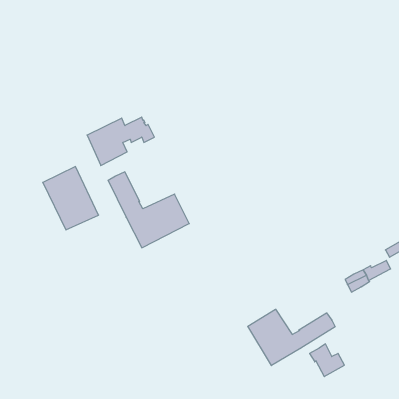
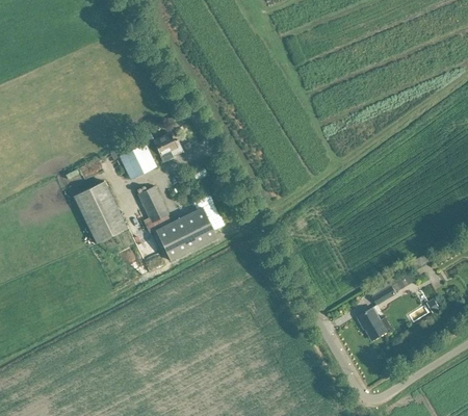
building: [248,309,335,366] -> none
building: [310,344,344,377] -> [358,307,392,339]

